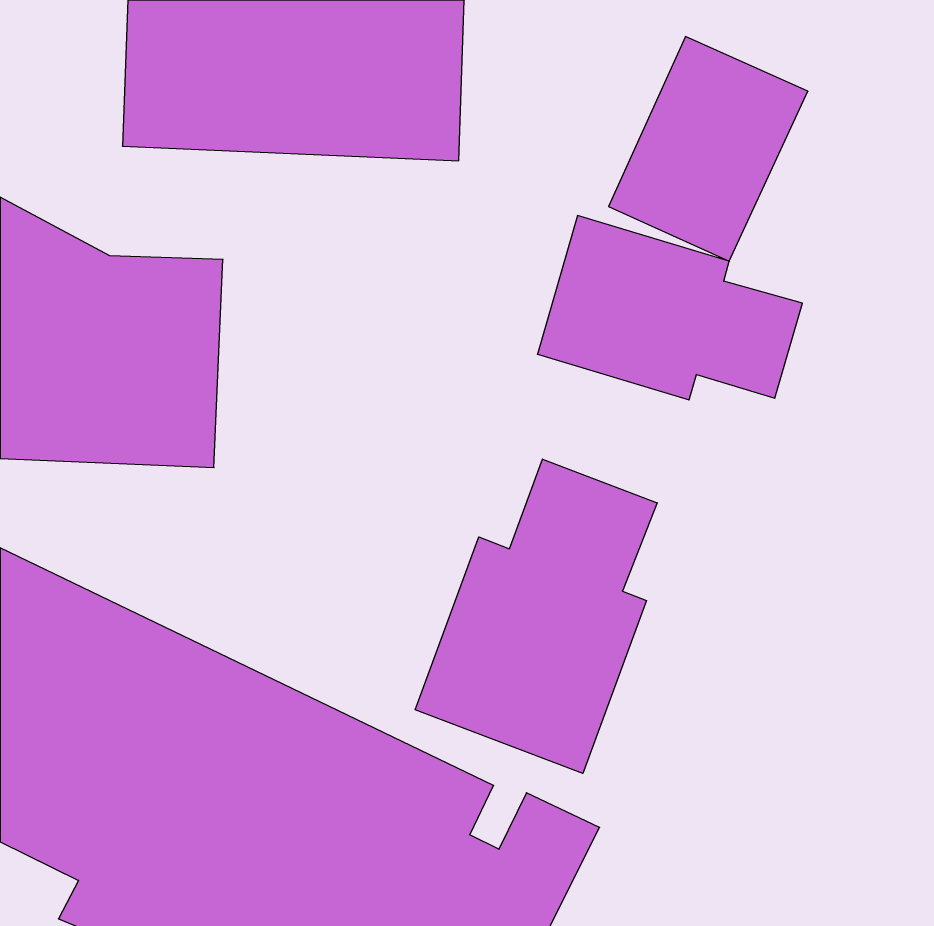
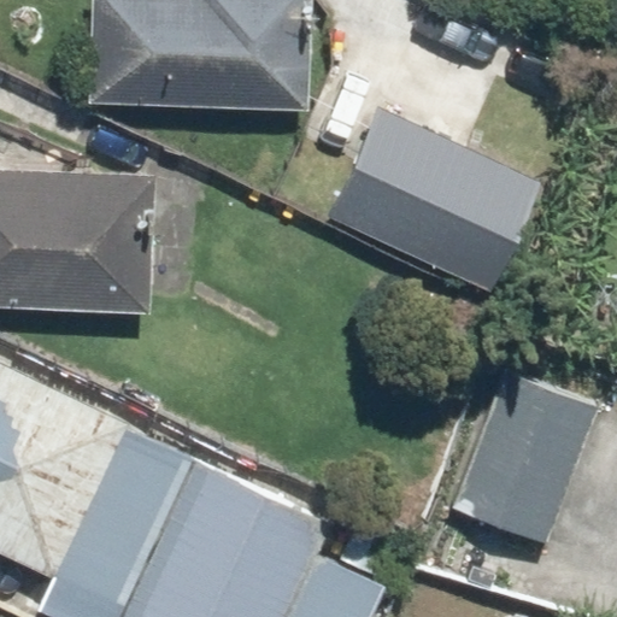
building: [415,459,657,773] -> none
building: none -> [447,370,595,543]

